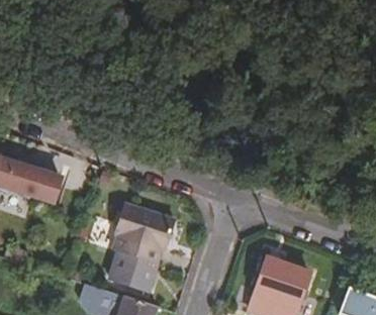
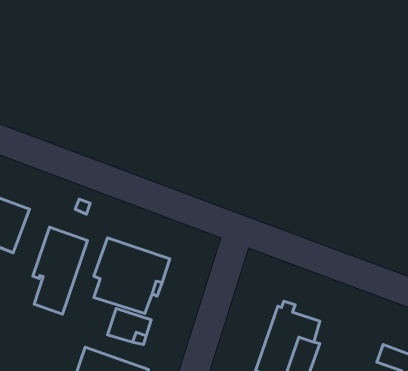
building: none -> [33,227,87,314]

